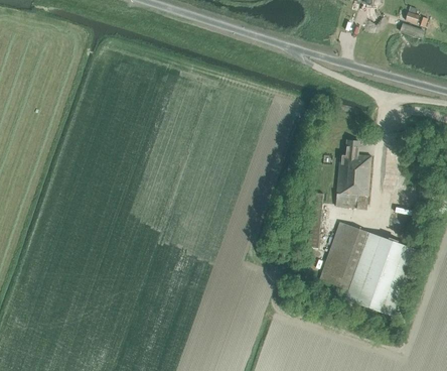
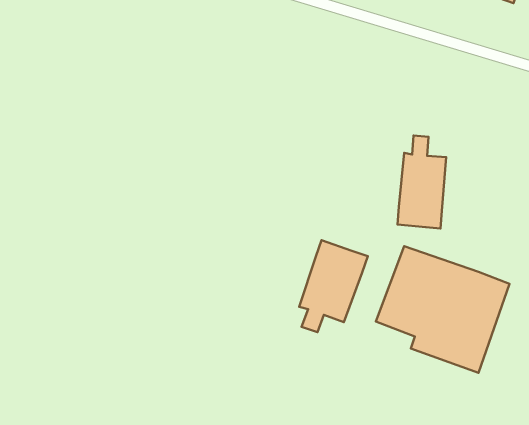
building: none -> [299,240,368,332]

